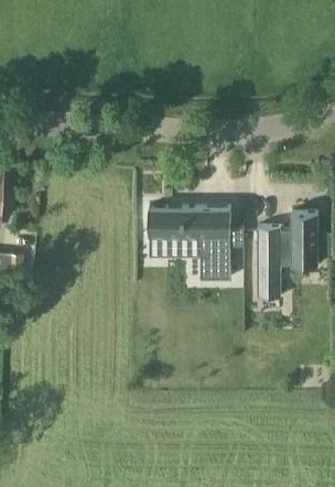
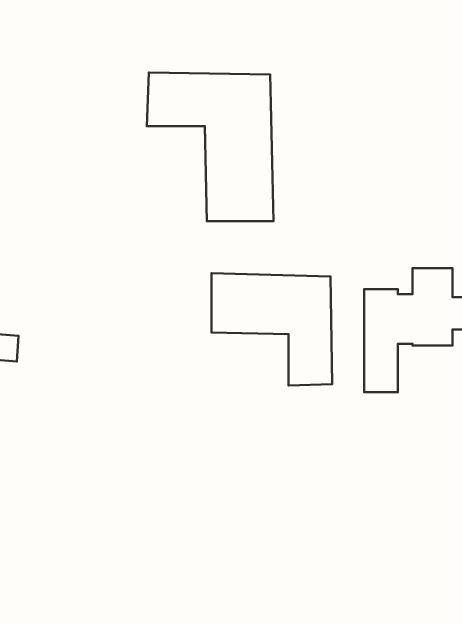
building: none -> [147,73,274,221]

